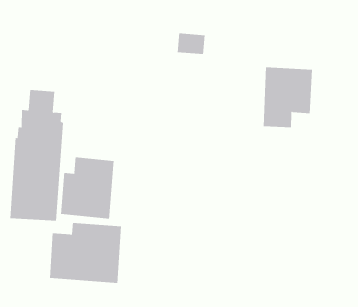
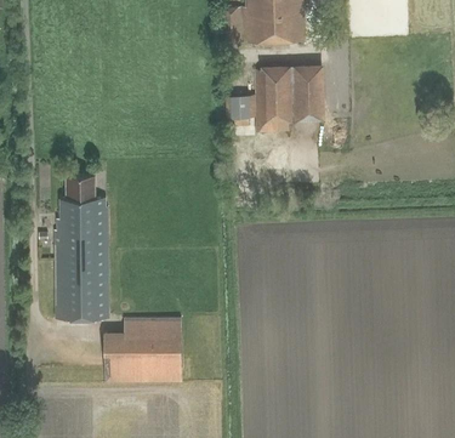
building: [263,67,313,128] -> [260,64,314,132]
building: [60,157,114,219] -> none

